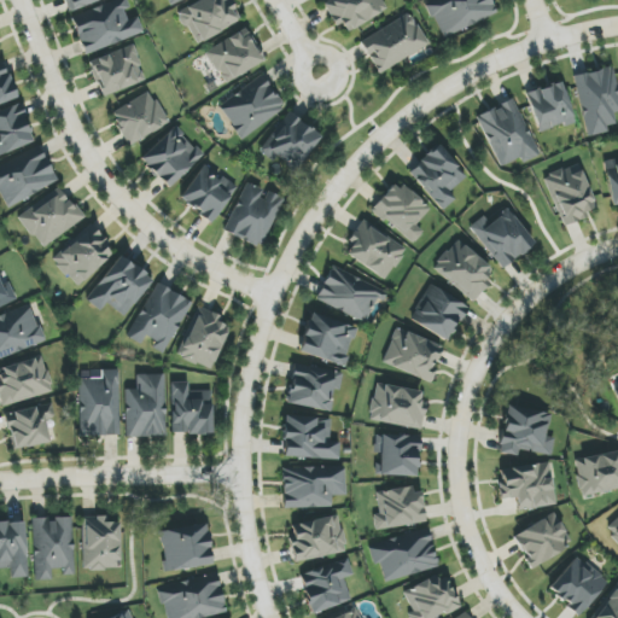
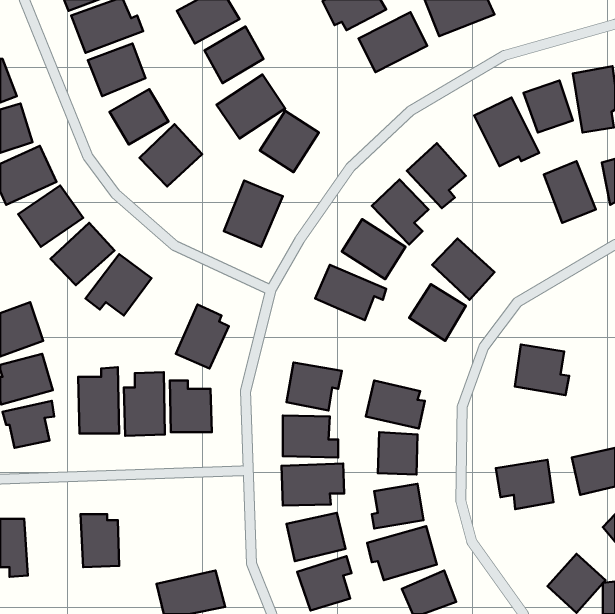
building: [179,164,237,222] -> none
building: [471,208,534,268] -> none
building: [127,281,192,354] -> none
building: [299,313,357,365] -> none
building: [383,327,442,381] -> none
building: [500,406,554,456] -> [515,344,569,395]
building: [514,513,572,566] -> none
building: [33,517,75,579] -> none
building: [158,523,211,571] -> none

